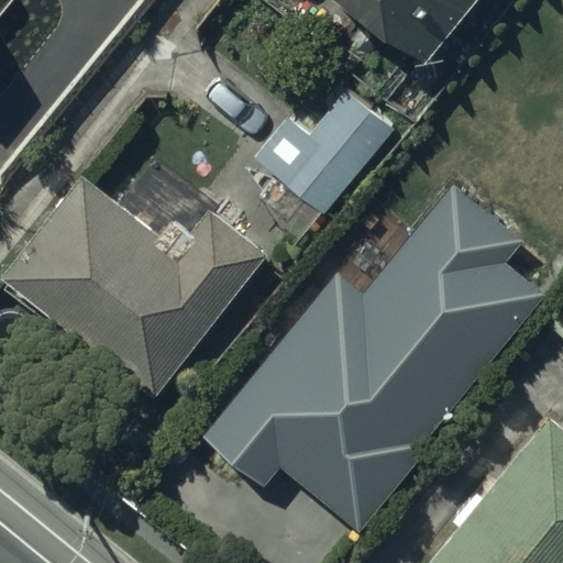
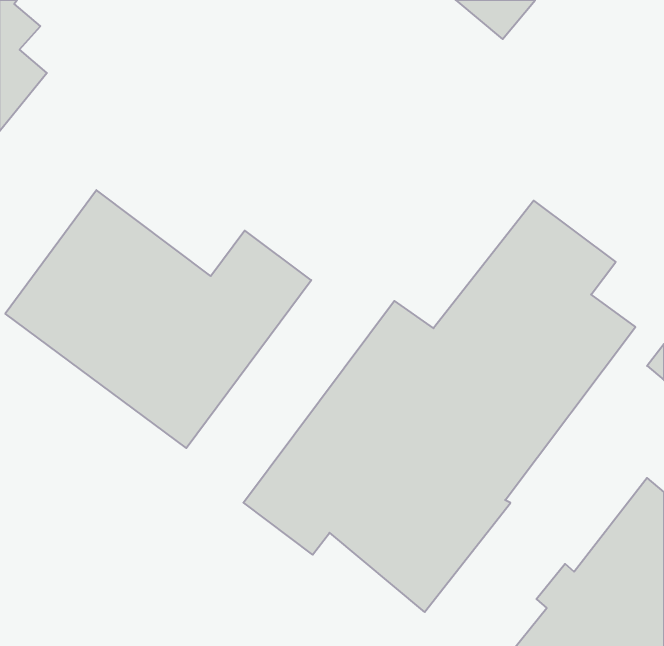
building: [250,96,391,240] -> none

